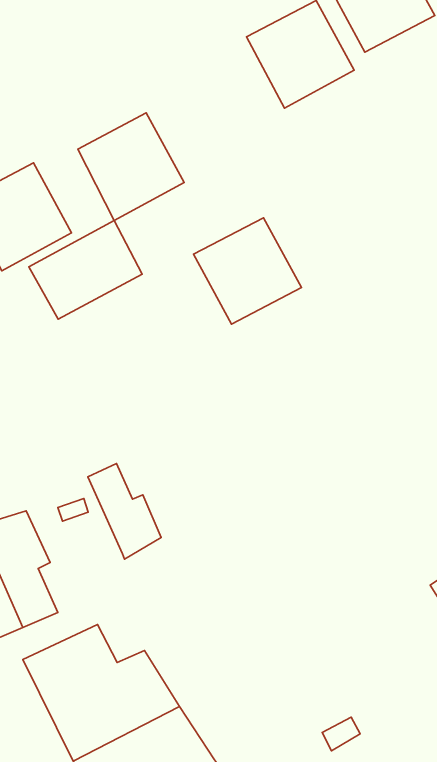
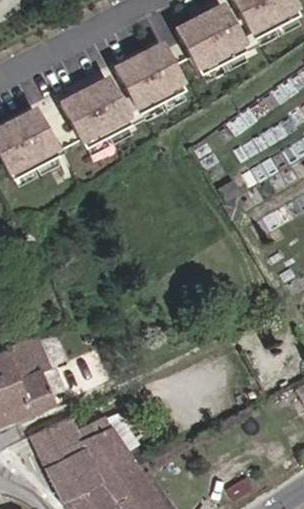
building: [193,218,301,324] -> [117,41,188,111]
building: [29,221,142,319] -> none
building: [88,464,161,559] -> none

